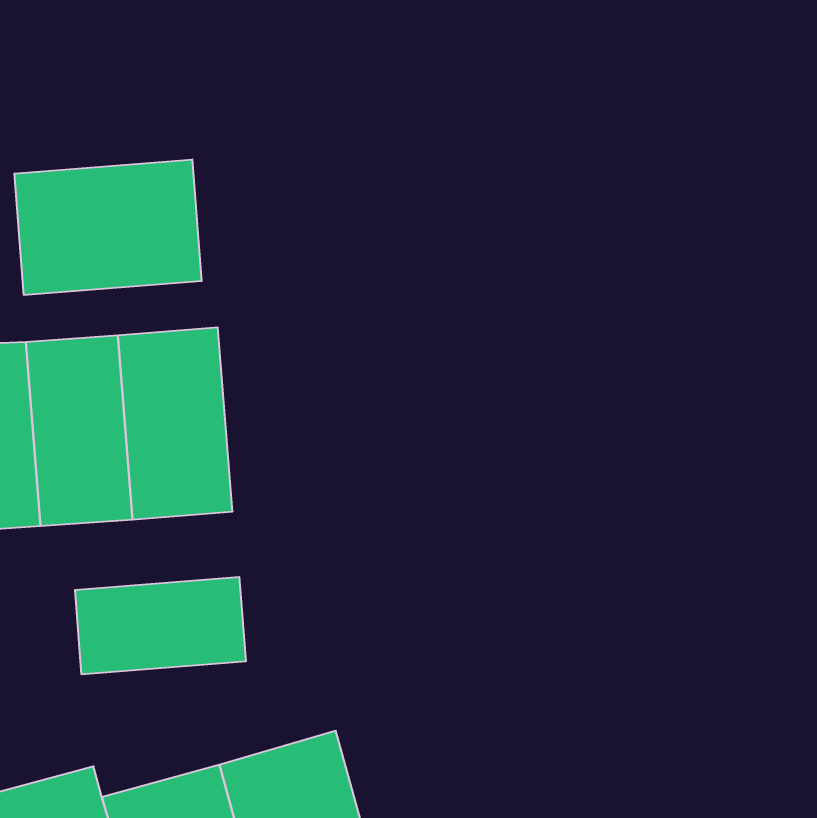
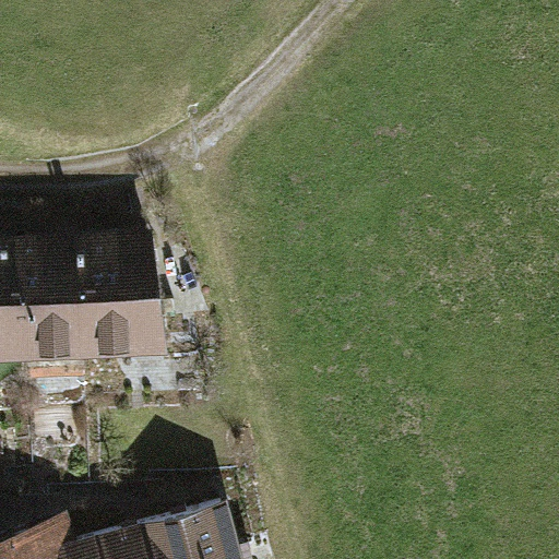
building: [15,159,202,295] -> none
building: [75,577,246,674] -> none

